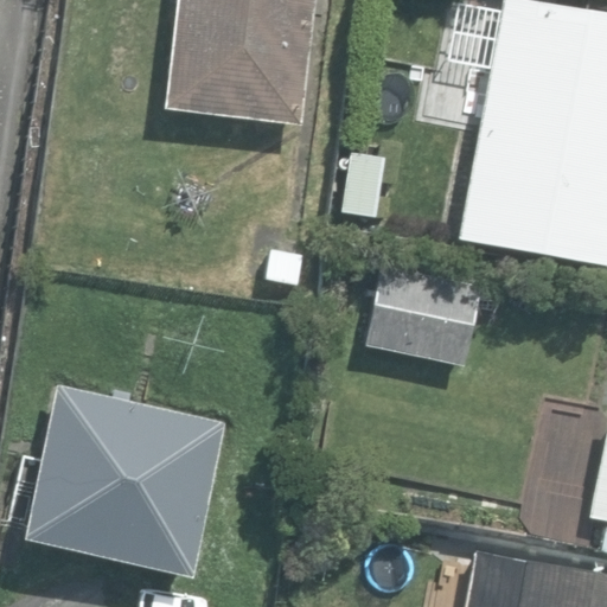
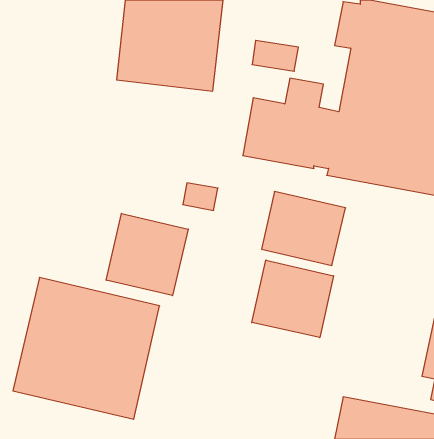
building: none -> [106,213,188,296]
building: none -> [252,260,334,338]

